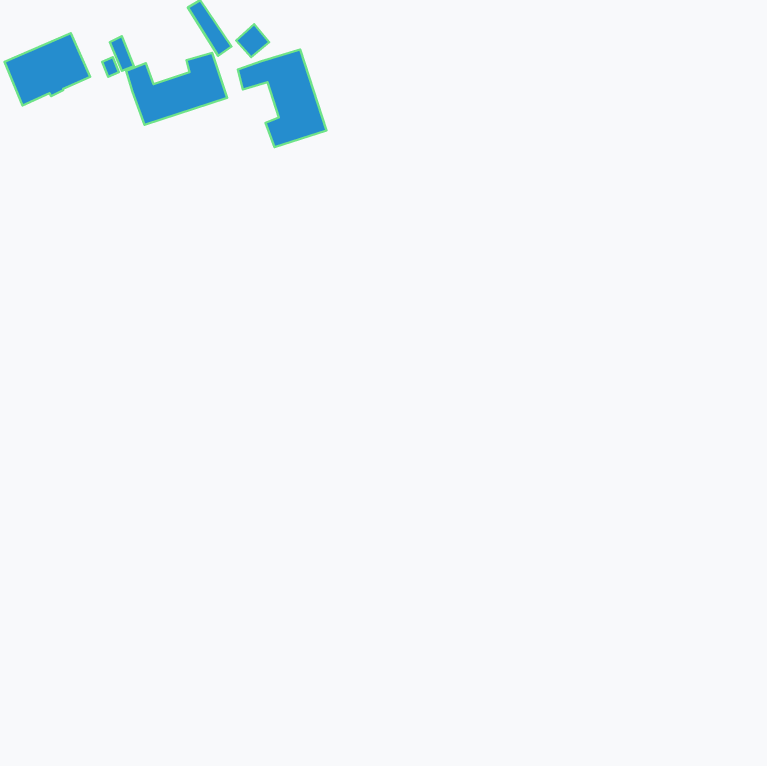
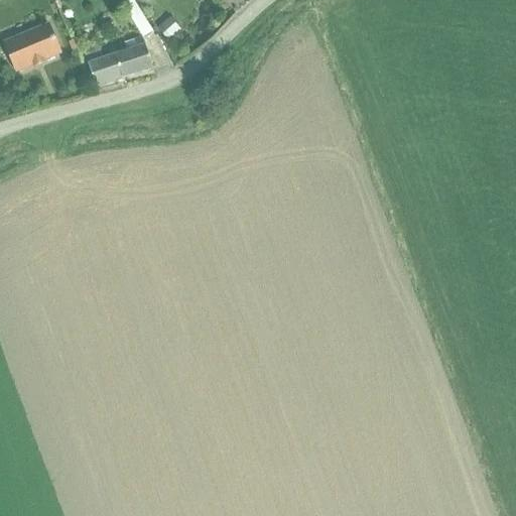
building: [238,50,326,147] -> none

